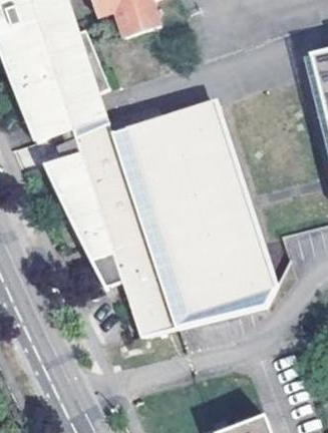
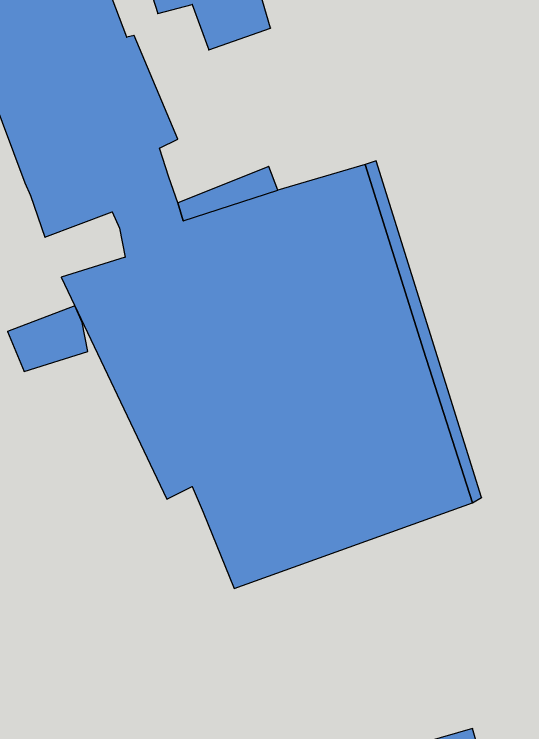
building: [33,128,77,164] -> [8,306,88,371]

